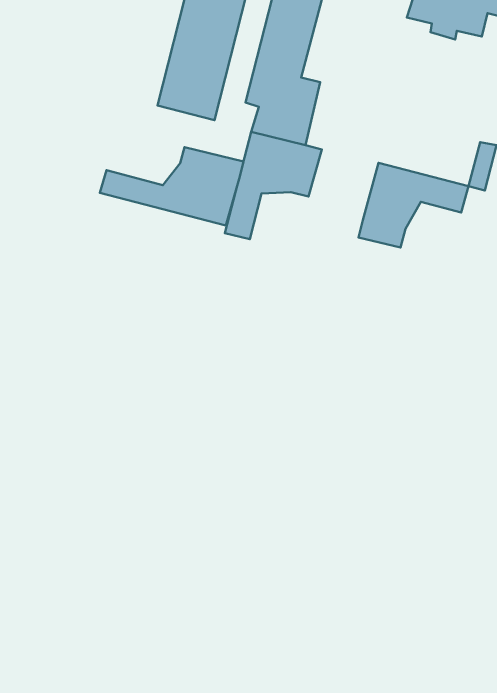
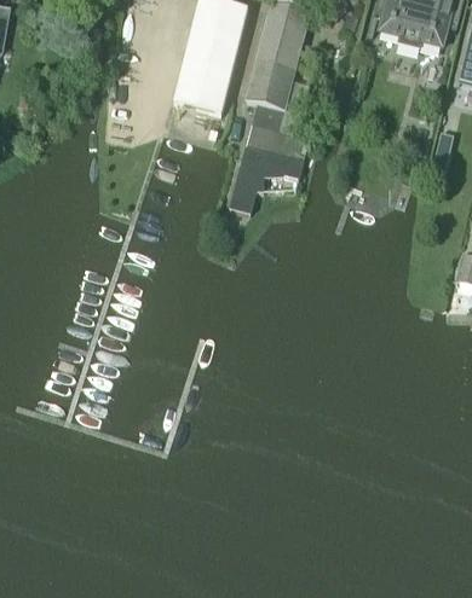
building: [100,147,243,226] -> none
building: [358,163,469,247] -> none

